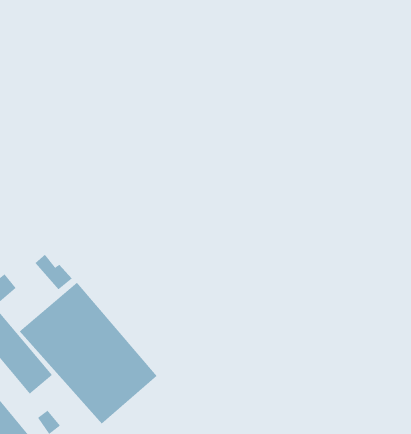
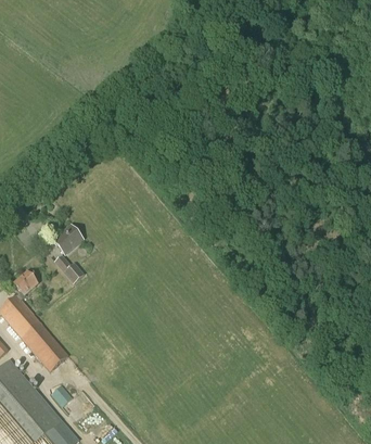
building: none -> [53,225,82,254]
building: [19,282,158,424] -> none

